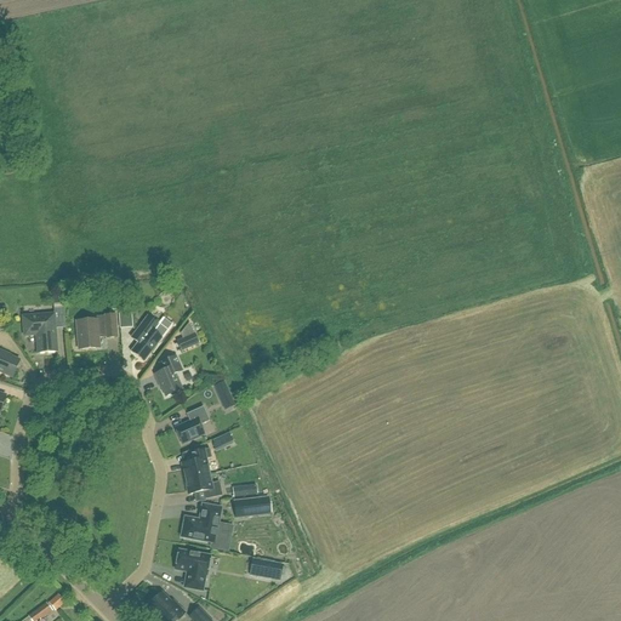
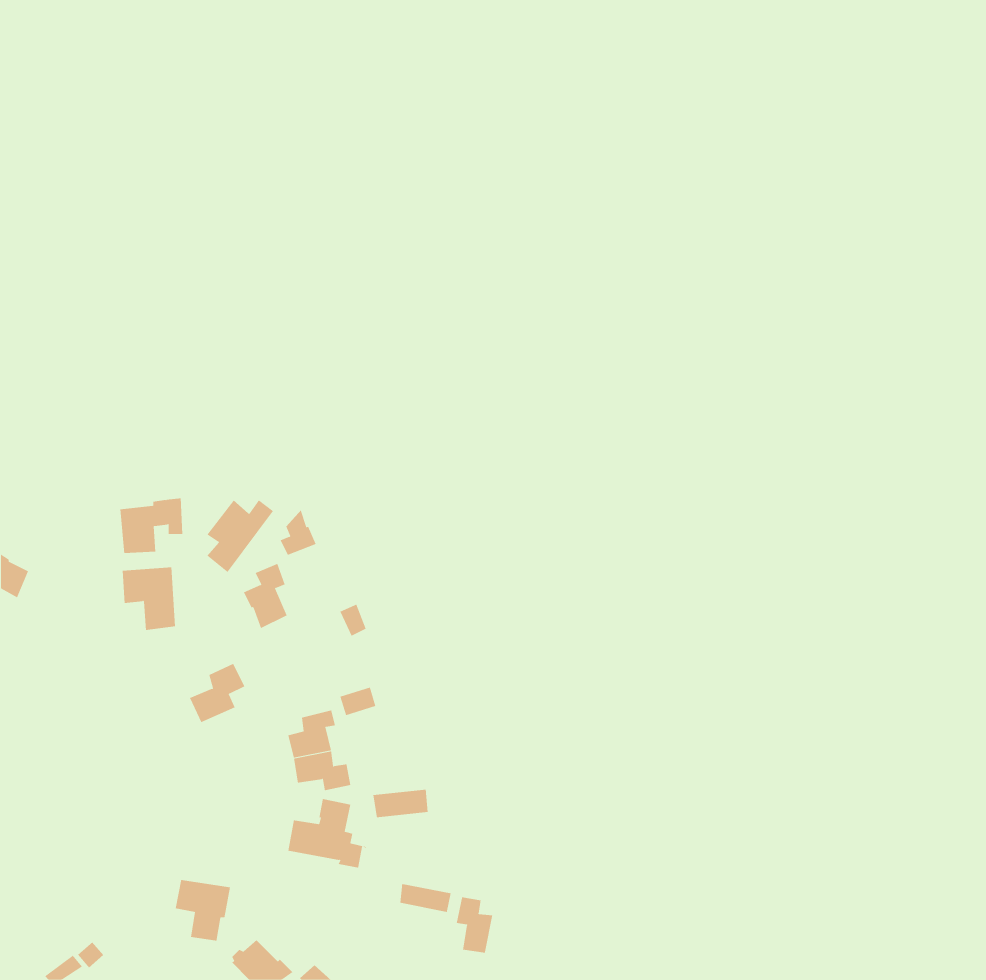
building: [22,312,56,352] -> [122,567,176,630]
building: [175,404,210,441] -> [189,663,245,723]
building: [175,549,210,588] -> [175,879,231,941]
building: none -> [456,896,493,954]

